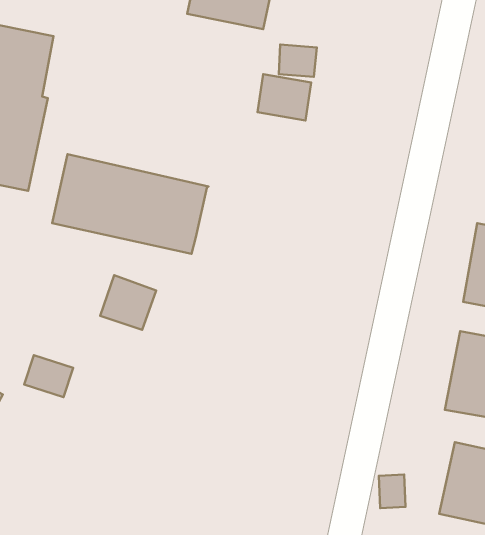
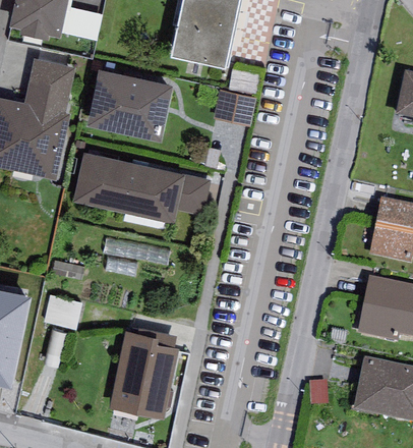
building: none -> [87,63,173,135]
building: none -> [177,174,210,215]
building: none -> [109,327,179,416]

